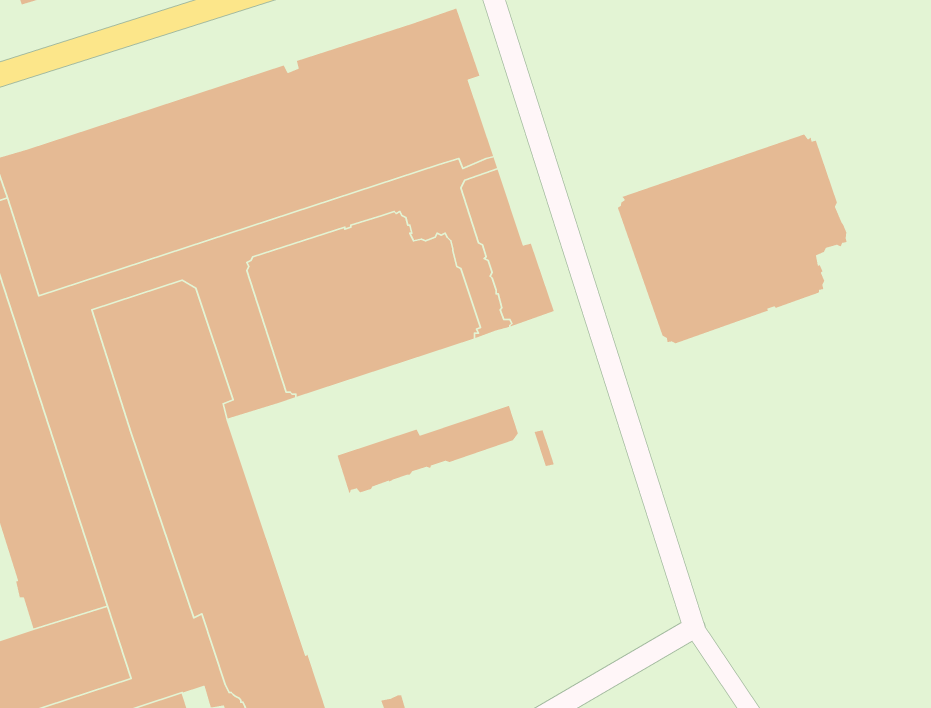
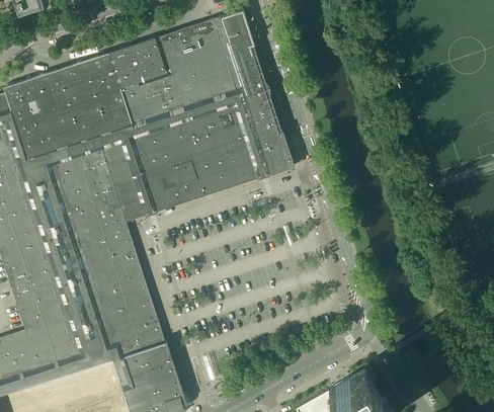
building: [617,134,847,344] -> none
building: [336,405,519,494] -> none

